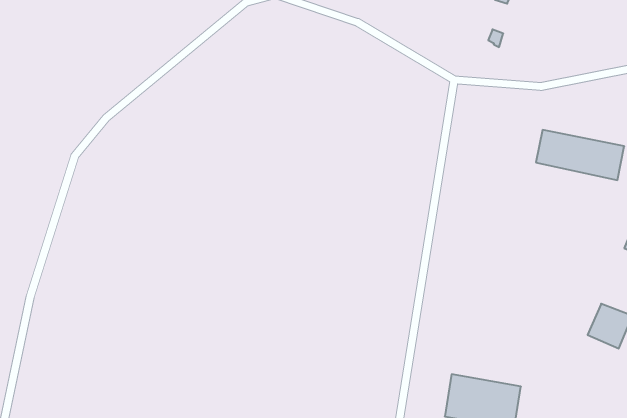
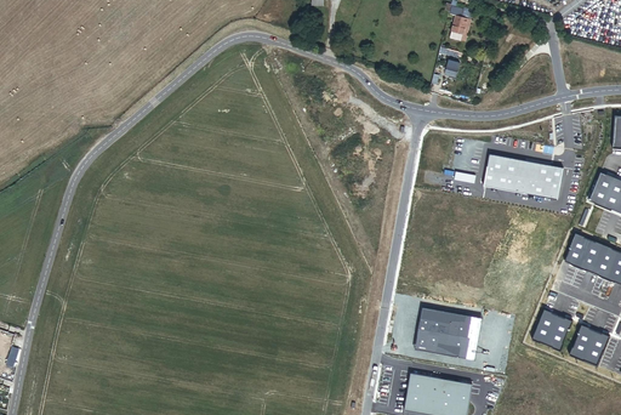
building: none -> [416,307,482,358]

